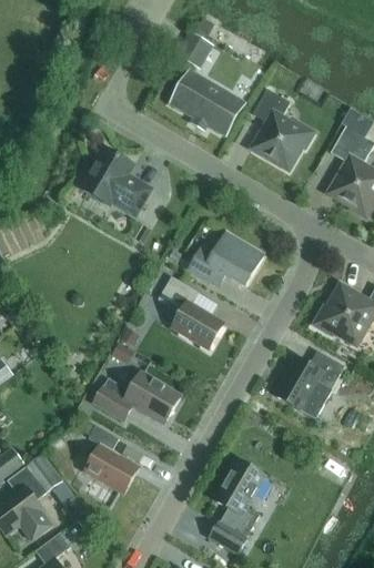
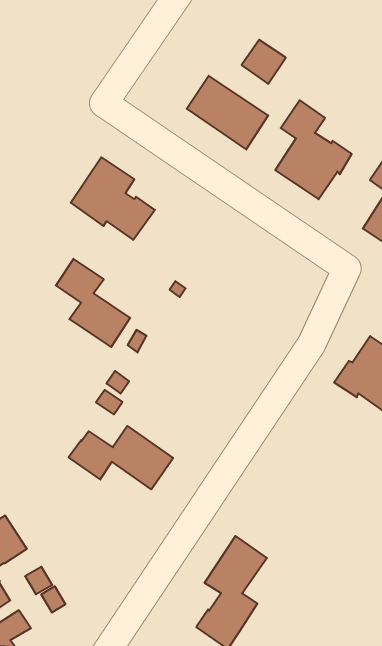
building: [176,30,213,67] -> [242,40,286,84]
building: [188,232,264,286] -> none
building: [159,276,223,348] -> [56,259,130,347]
building: [275,351,344,409] -> none
building: [84,425,140,494] -> none

